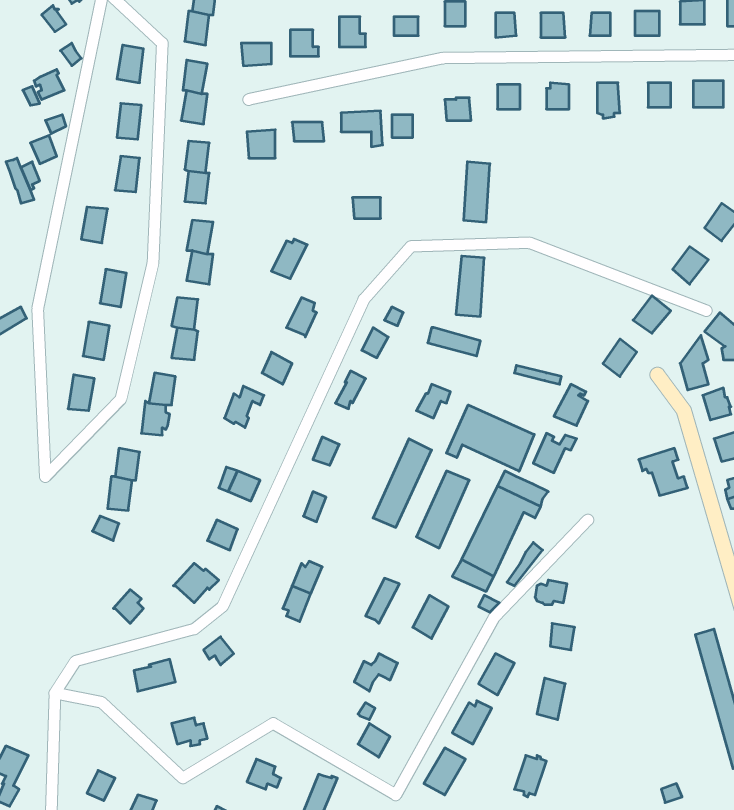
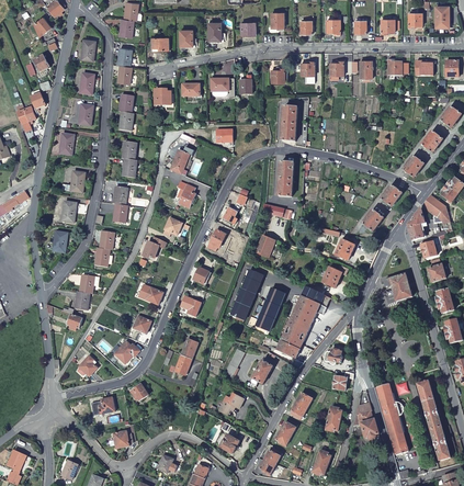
building: [446,405,534,471] -> none
building: none -> [375,382,407,454]
building: none -> [353,402,377,439]

